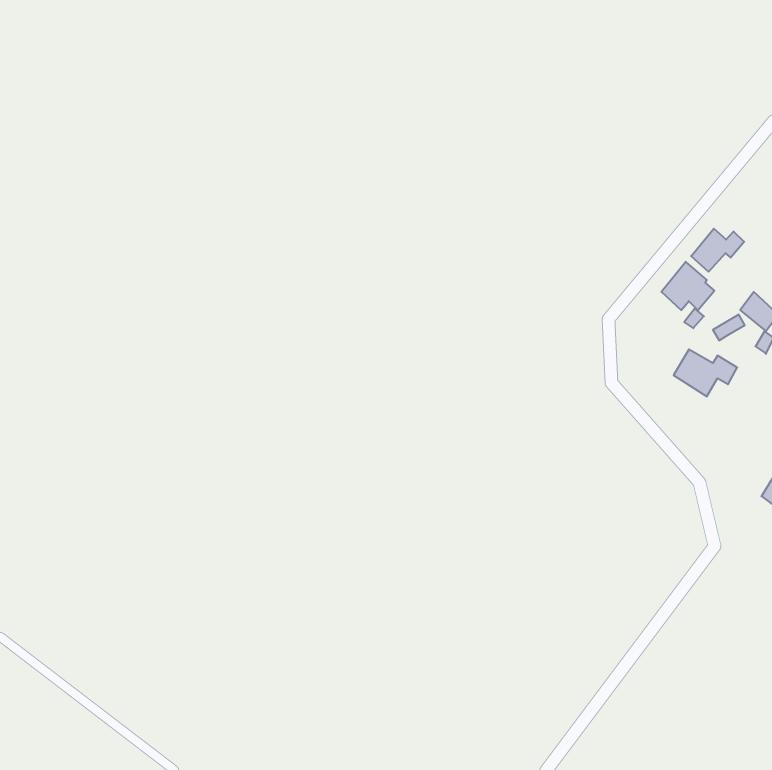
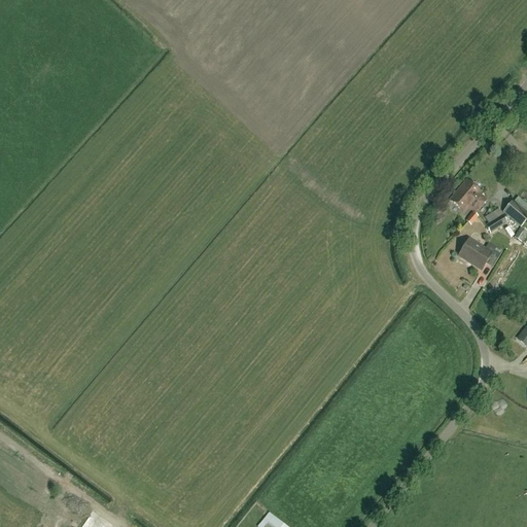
building: [691,229,744,272] -> none

